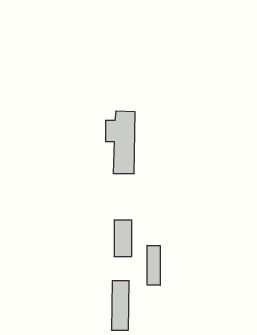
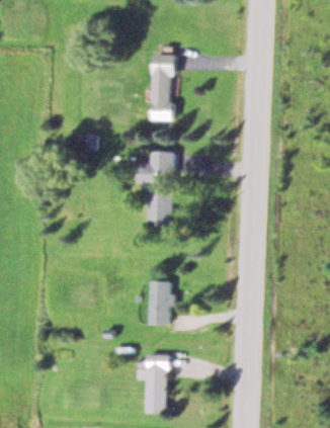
building: none -> [151,54,174,120]
building: [147,245,160,285] -> none

